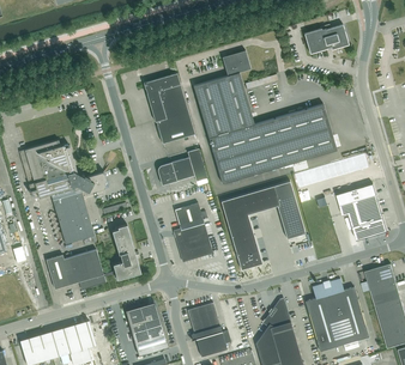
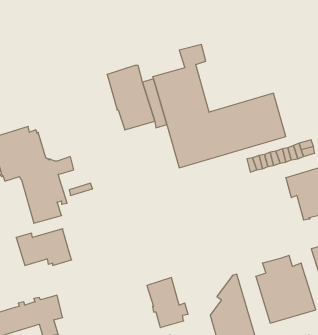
building: [304,24,349,53] -> none
building: [157,147,207,184] -> none
building: [220,181,306,269] -> none
building: [175,202,212,260] -> none
building: [103,224,140,279] -> none
building: [126,302,169,355] -> none

